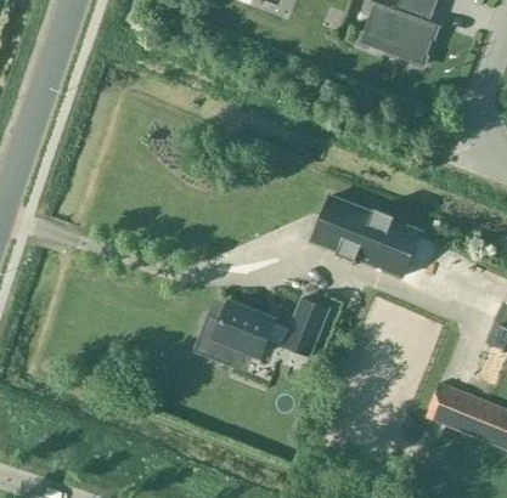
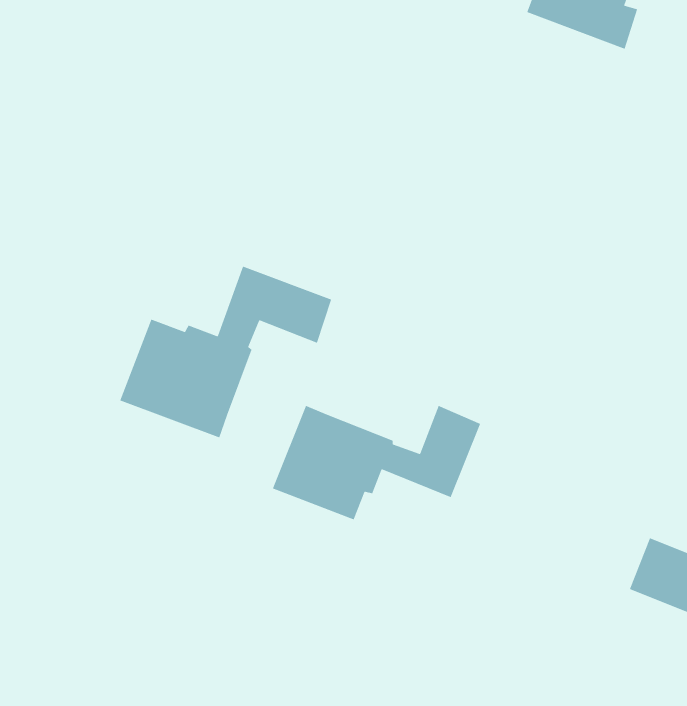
building: [314,196,423,277] -> none
building: none -> [119,266,332,439]

